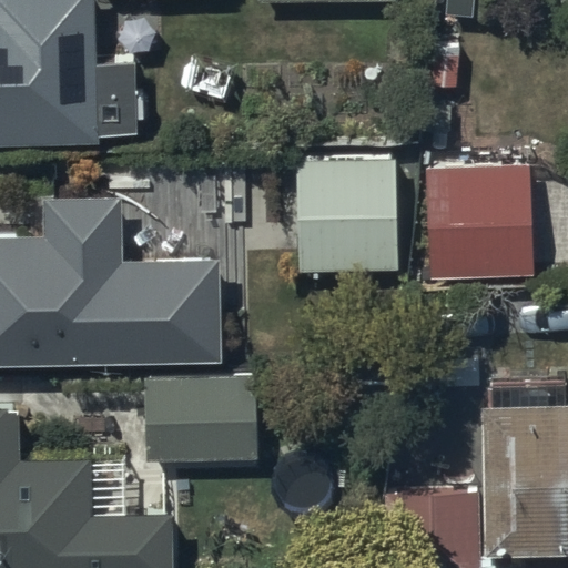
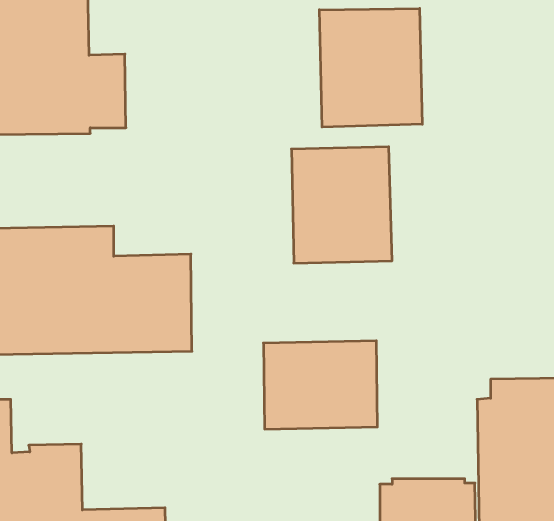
building: none -> [319,8,422,127]
building: [425,161,532,281] -> none
building: [144,375,257,463] -> [263,341,377,429]

